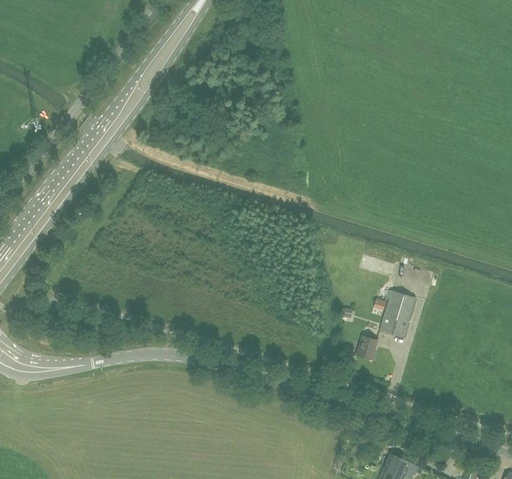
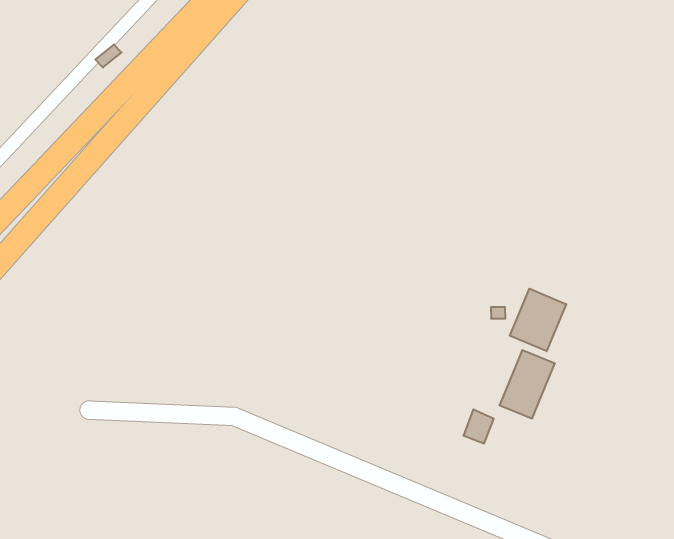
building: none -> [510,289,566,351]

